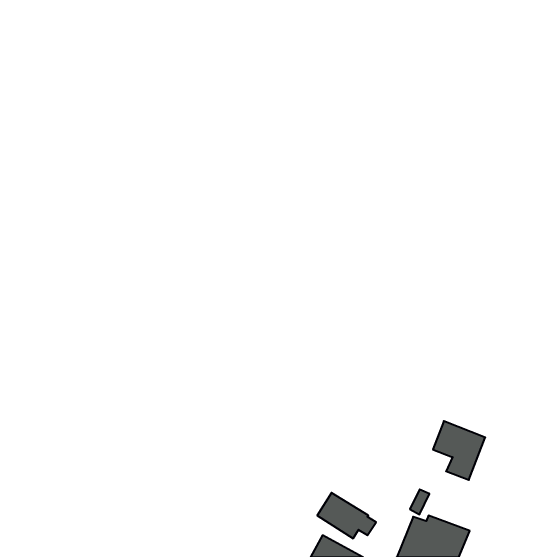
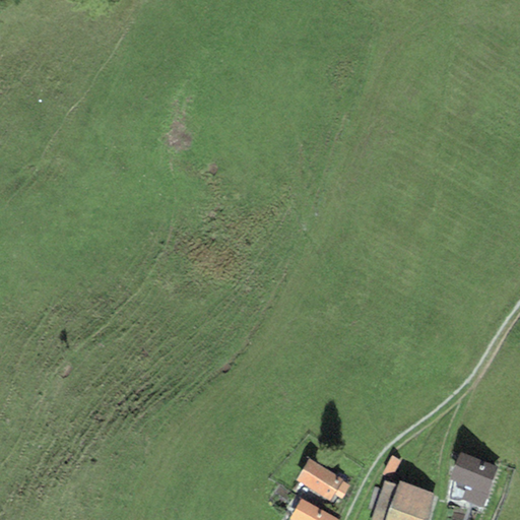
building: [433,421,485,480] -> [449,452,498,507]

